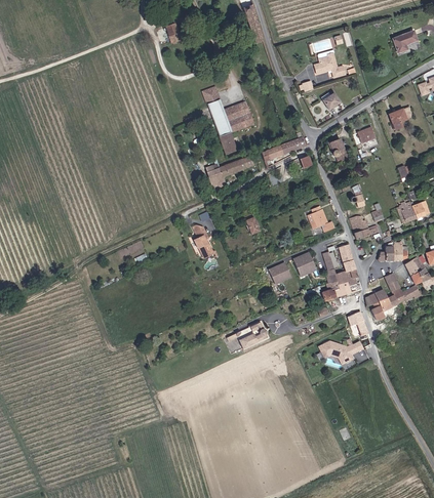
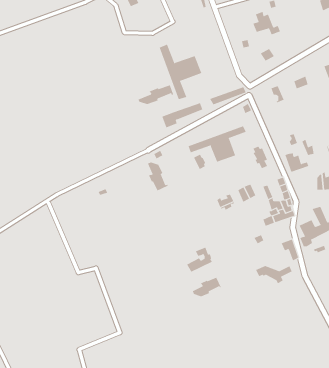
building: none -> [138,85,174,105]
building: none -> [188,125,247,163]
building: none -> [192,277,222,297]

